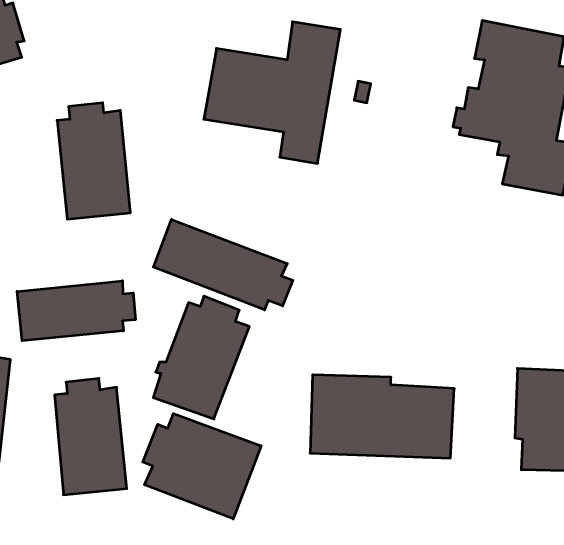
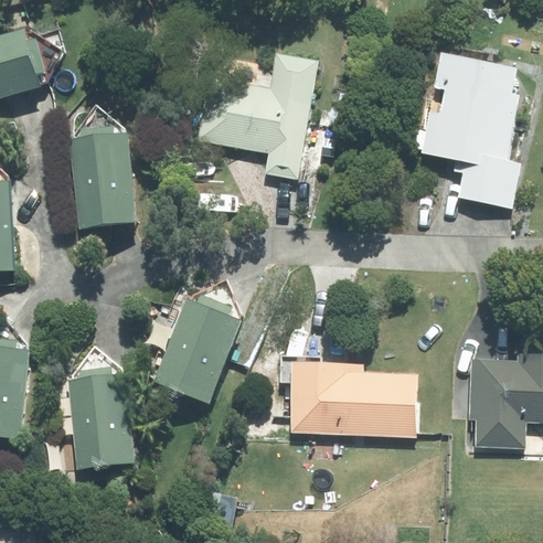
building: [153,219,293,310] -> none
building: [17,281,135,341] -> none
building: [143,414,261,519] -> none

